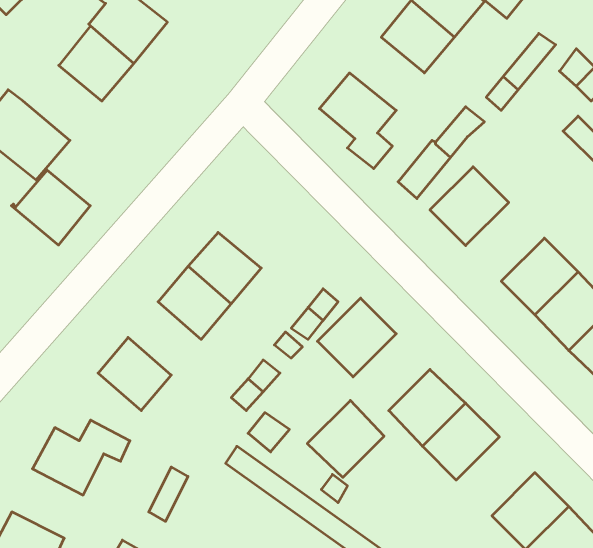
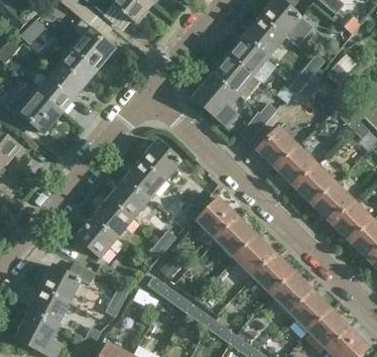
building: none -> [213,55,260,100]
building: [11,170,90,245] -> [37,71,80,111]
building: none -> [142,140,182,180]
building: none -> [275,144,318,187]
building: none -> [94,198,133,237]
building: [307,400,384,477] -> [215,215,256,256]
building: none -> [270,270,312,313]
building: none -> [31,287,70,325]

